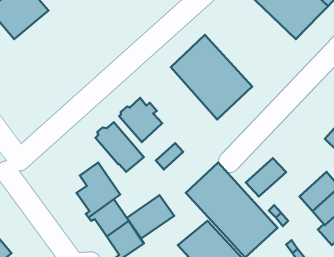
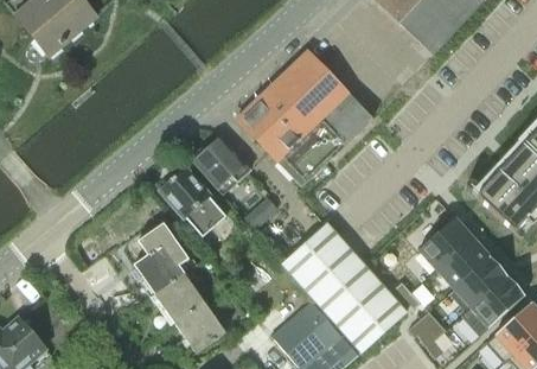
building: none -> [236,93,325,185]
building: [246,158,286,196] -> [418,216,473,268]
building: [127,195,174,238] -> none

